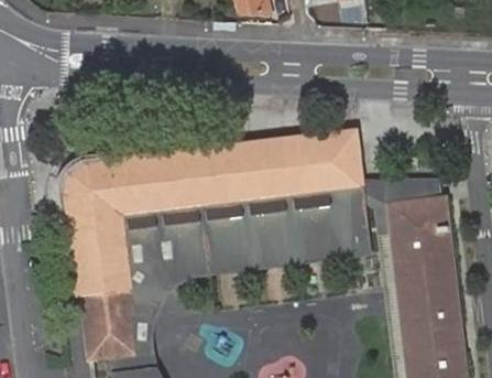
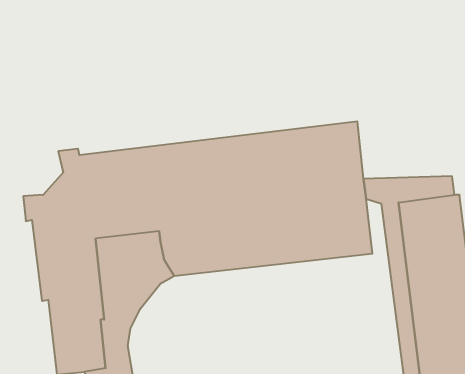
building: [61,160,96,199] -> none

